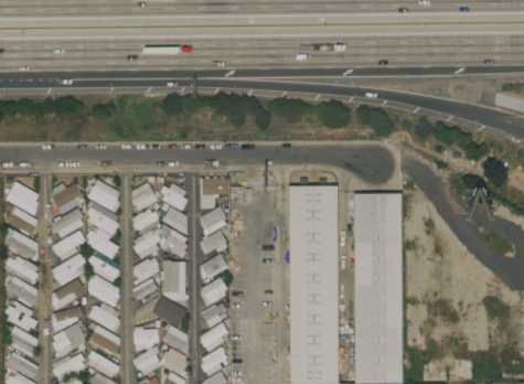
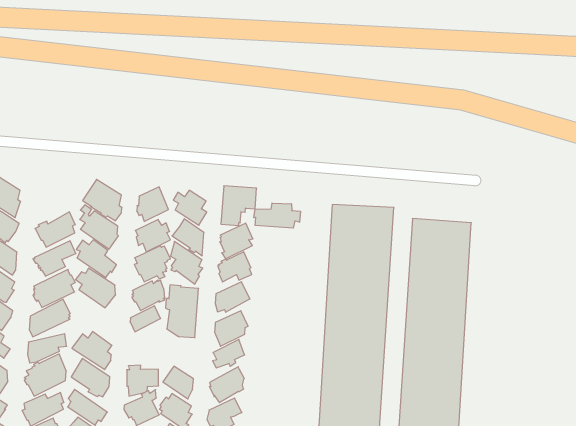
building: [51,182,84,214] -> none
building: none -> [254,203,300,228]
building: [87,275,119,305] -> none
building: [152,296,186,327] -> none

